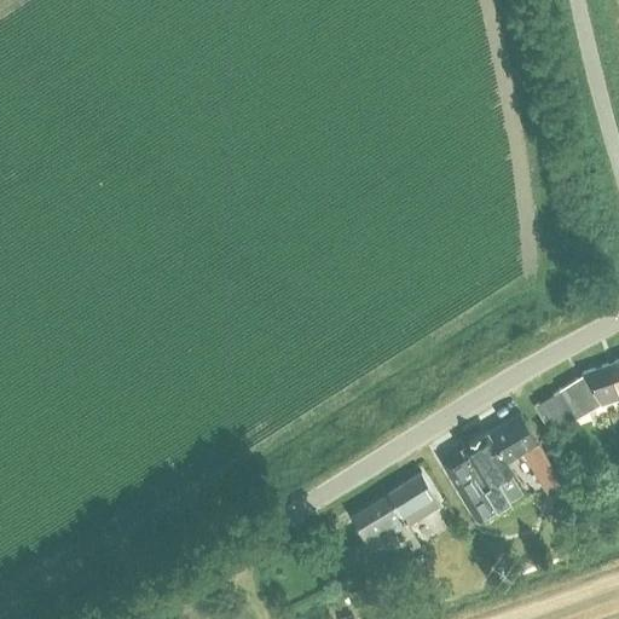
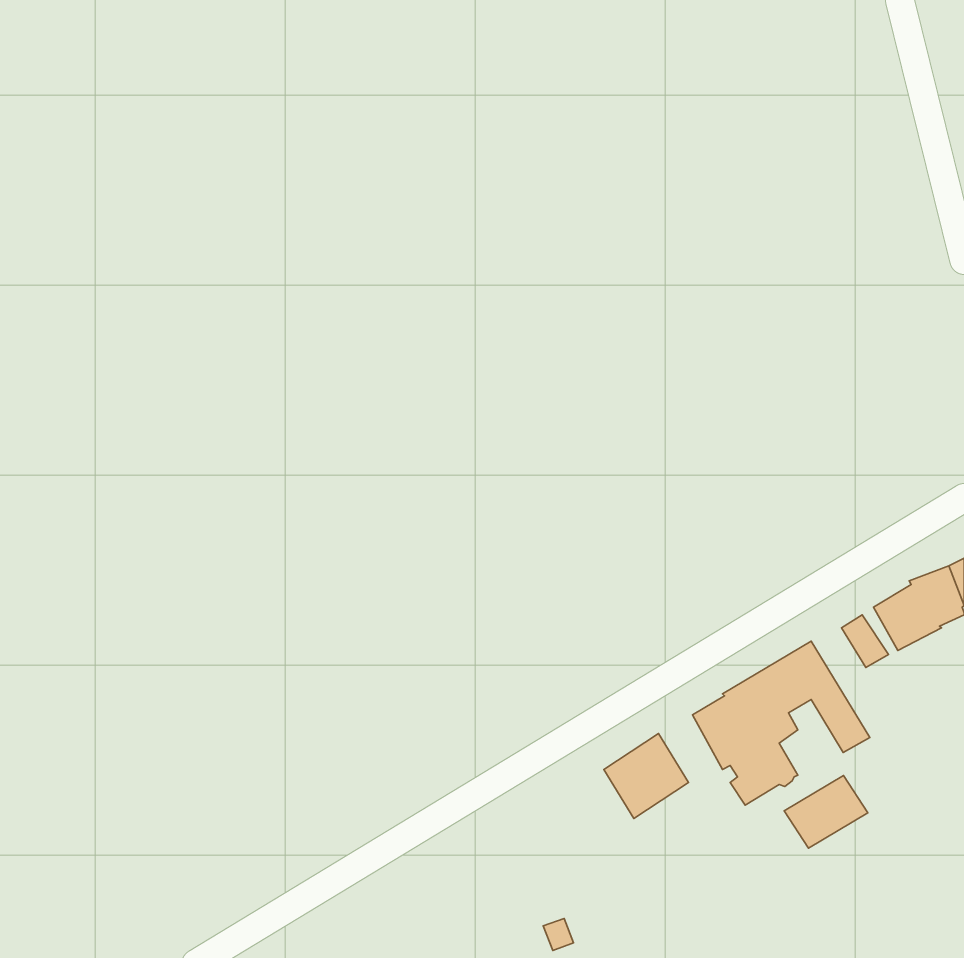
building: [352,497,406,550] -> none
building: none -> [784,776,868,848]

